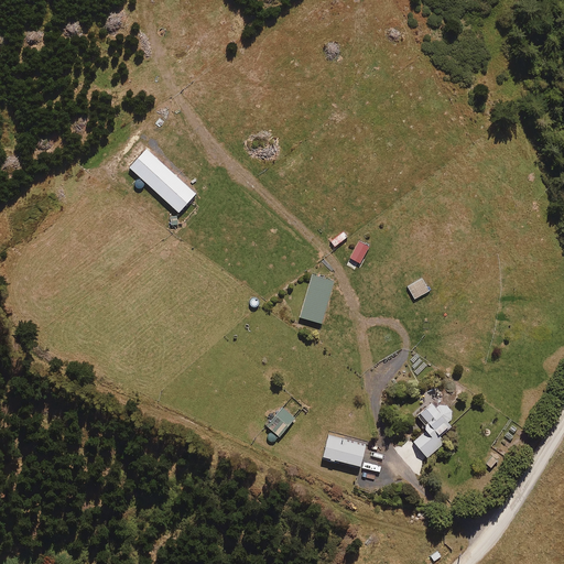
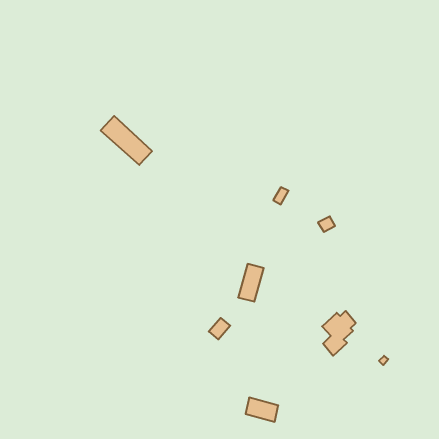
building: [301,273,334,322] -> [238,264,264,302]
building: [323,436,365,467] -> [246,398,278,422]

